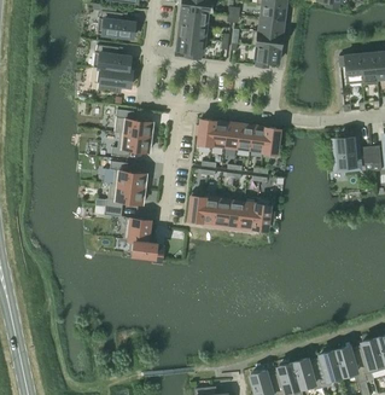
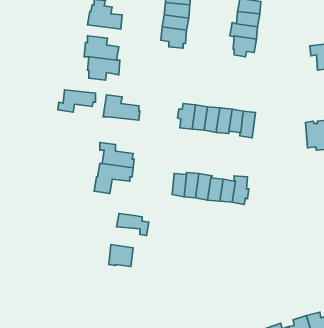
building: [111,134,152,158] -> [58,90,95,112]
building: [123,217,150,242] -> [109,244,133,267]

